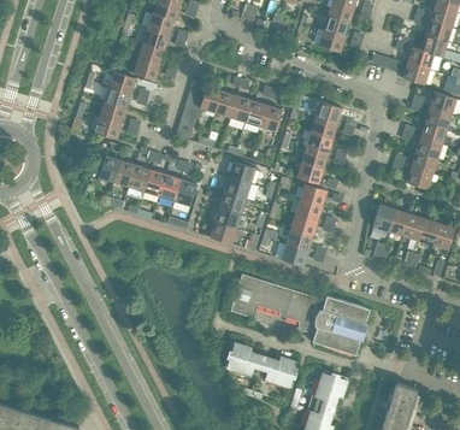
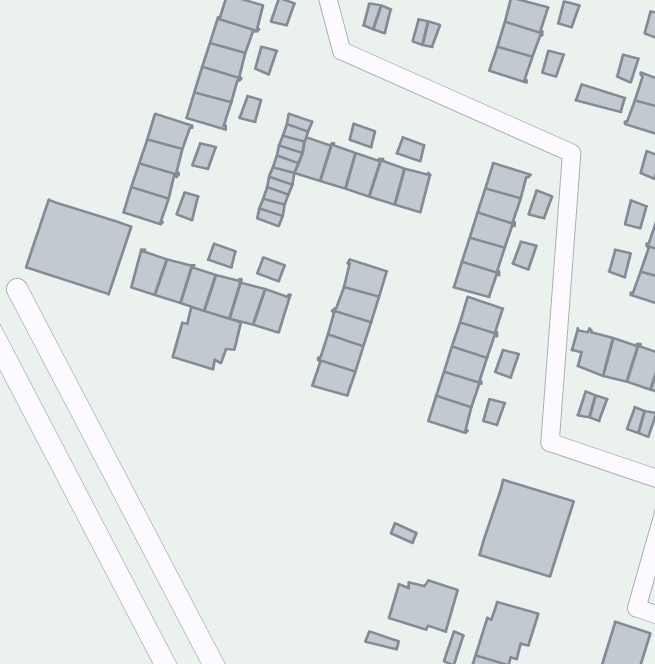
building: none -> [26,200,131,294]
building: none -> [173,307,241,369]
building: [230,273,325,332] -> none
building: [224,341,263,379] -> none

